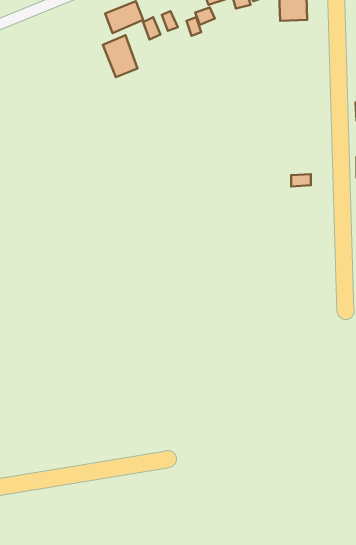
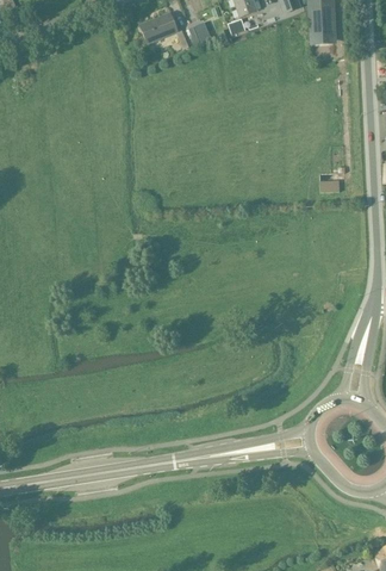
building: [103,35,137,77] -> none

